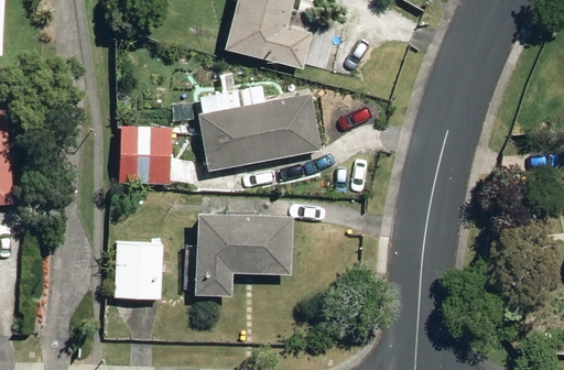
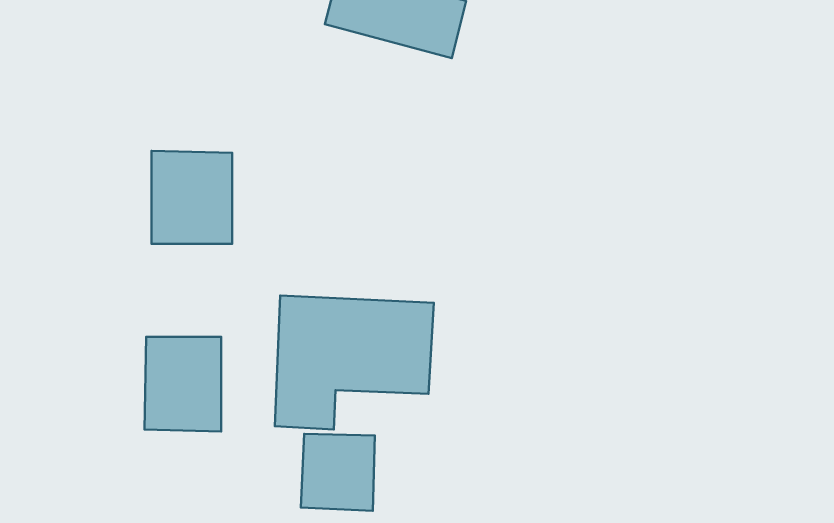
building: [197,92,321,172] -> none
building: none -> [301,434,375,511]

